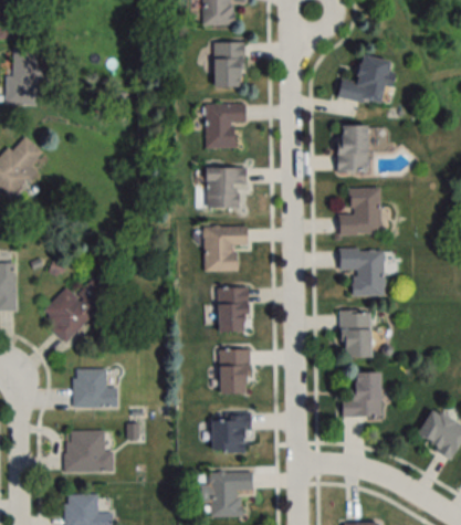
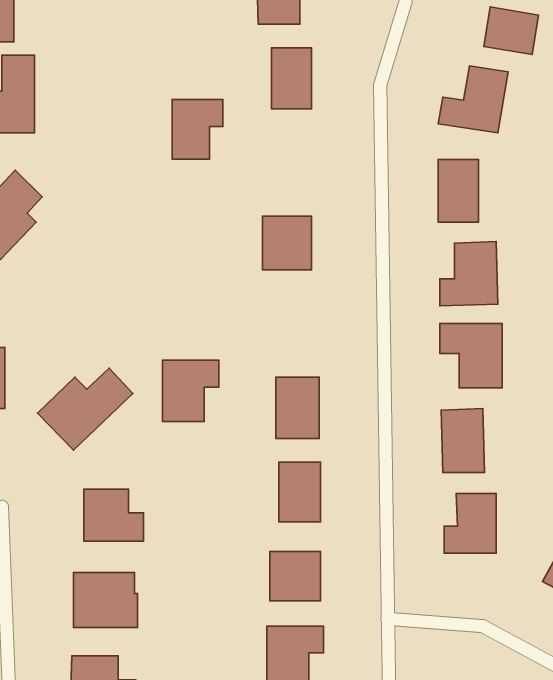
building: none -> [484,7,539,55]
building: [207,103,244,147] -> [172,100,223,159]
building: [205,224,247,270] -> [162,360,219,421]

